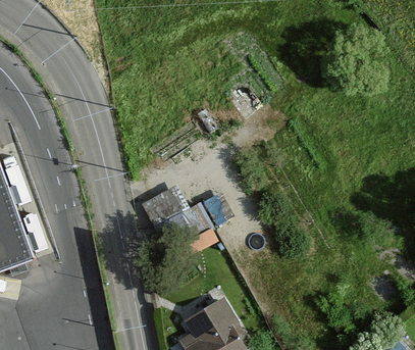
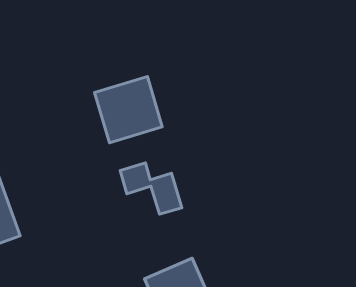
building: none -> [95,77,162,143]

